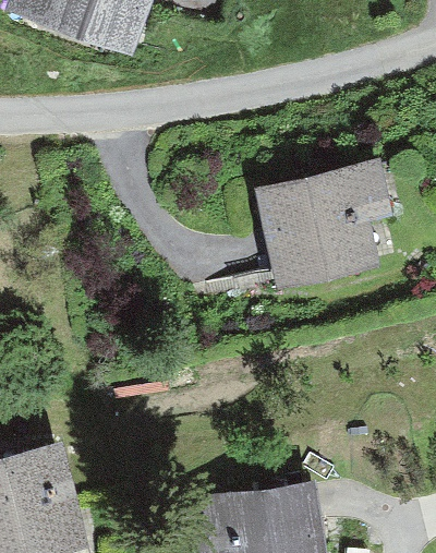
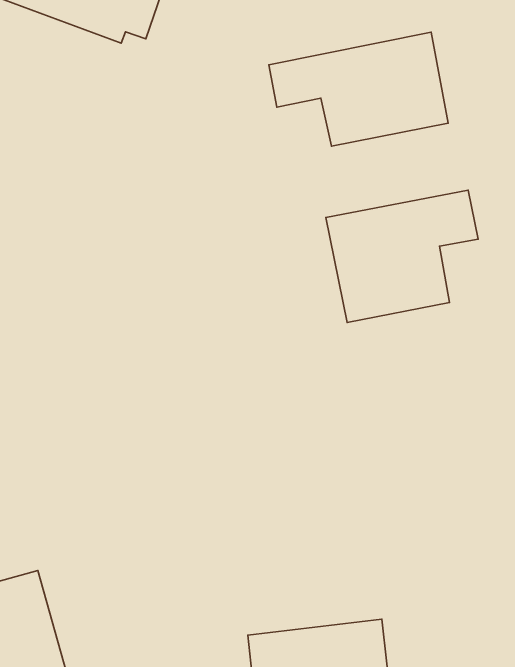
building: none -> [269,32,448,146]

